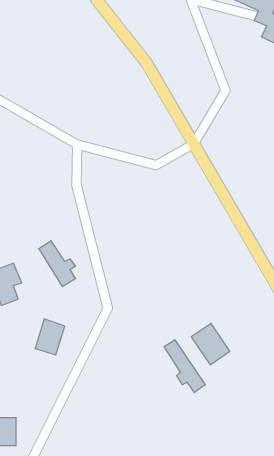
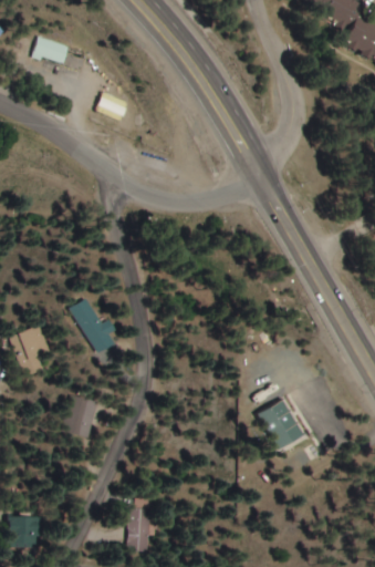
building: none -> [33,34,71,65]
building: [164,340,205,393] -> none
building: none -> [126,507,149,550]

